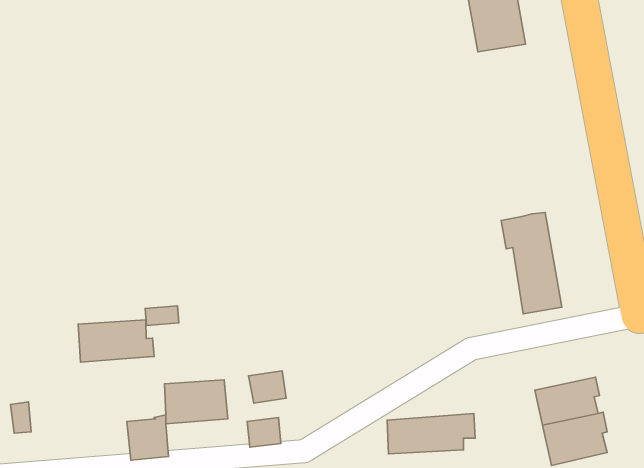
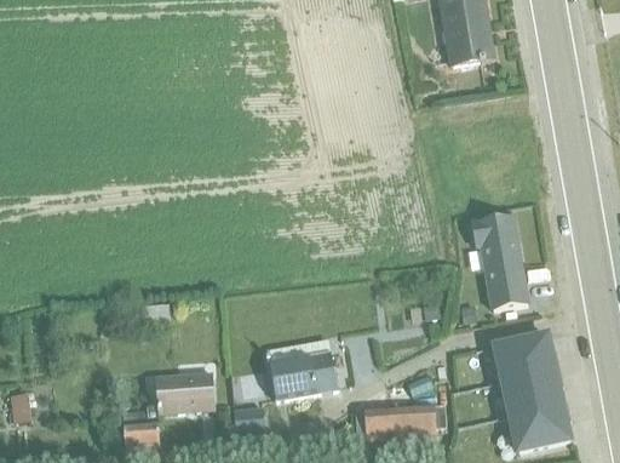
building: [78,320,154,362] -> none
building: none -> [495,333,559,381]
building: none -> [266,337,338,399]

